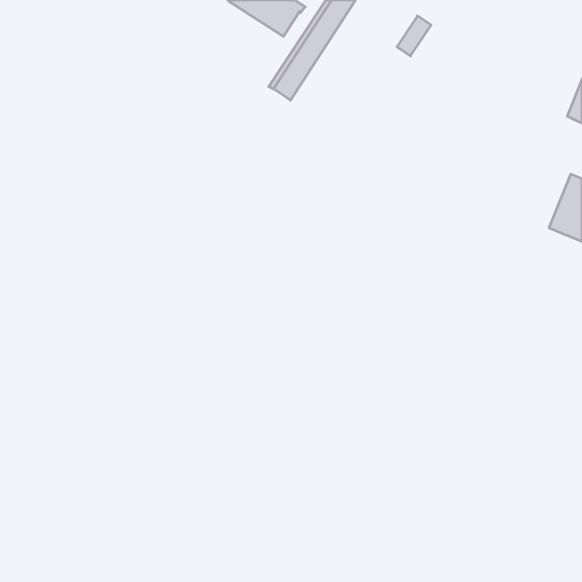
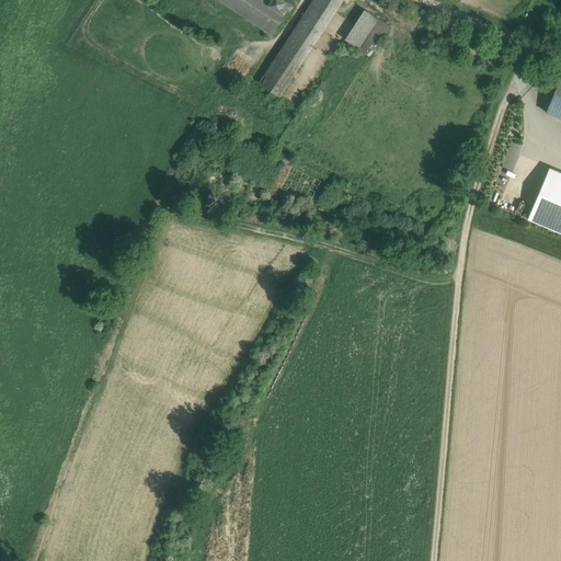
building: [397,16,431,56] -> [345,10,378,48]

